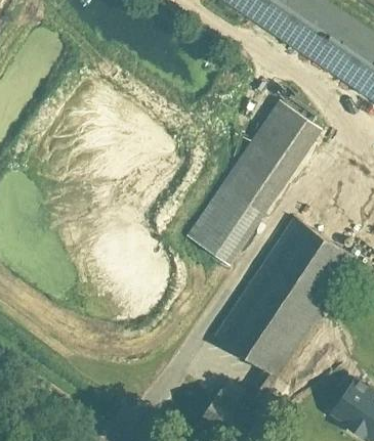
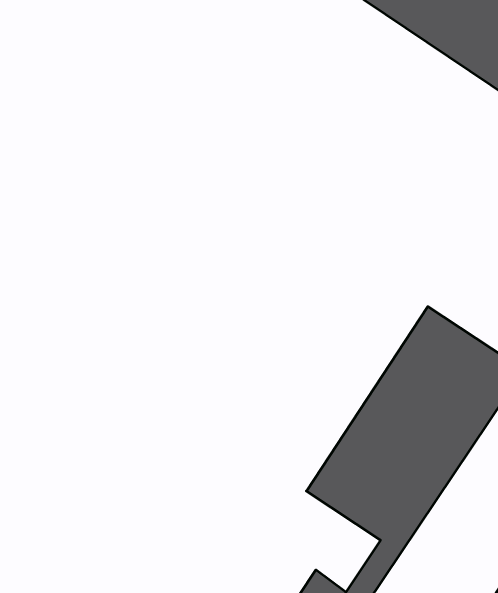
building: [191,98,320,262] -> none

